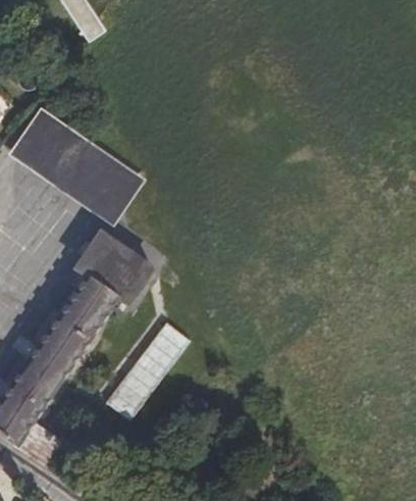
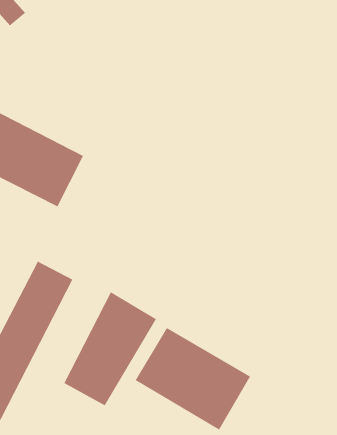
building: [74,234,151,303] -> none
building: none -> [135,327,251,430]

